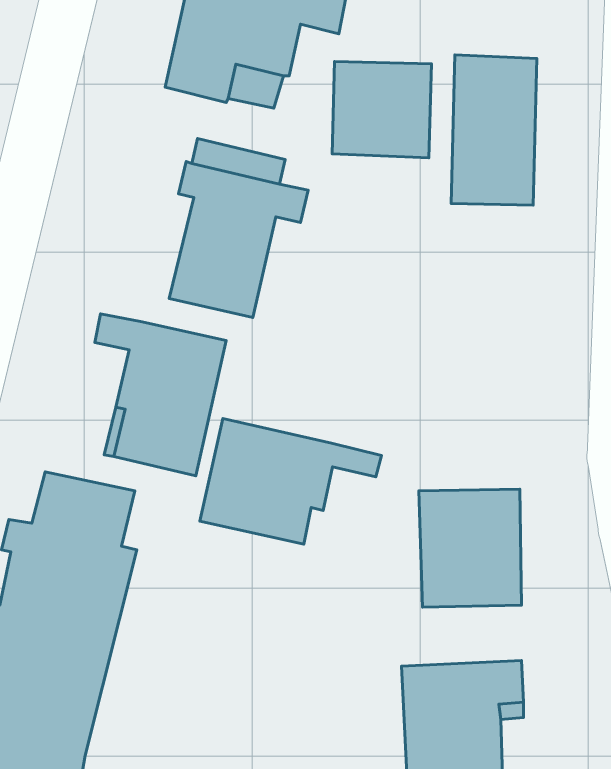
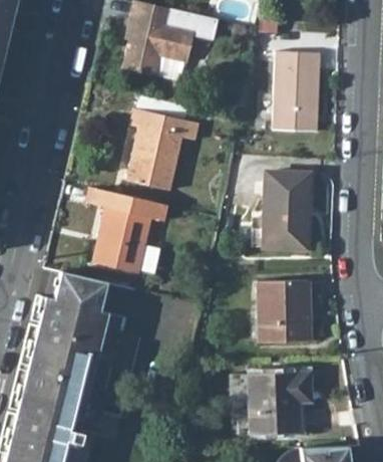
building: [332,61,431,158] -> none
building: none -> [265,174,310,249]
building: [200,418,382,544] -> none

